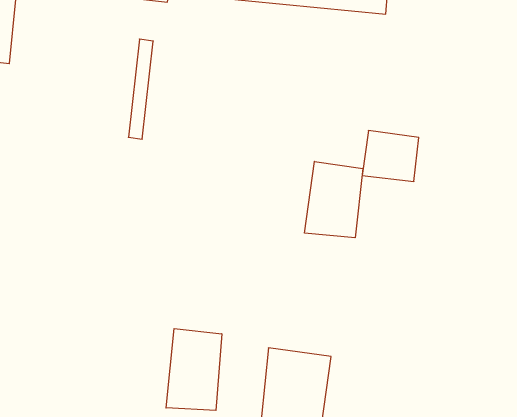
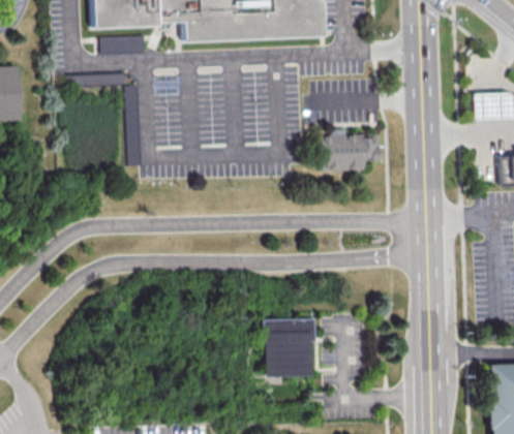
building: [305,161,363,238] -> none
building: [166,329,222,410] -> none

